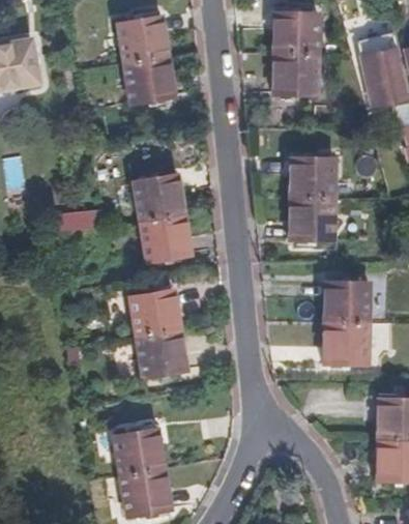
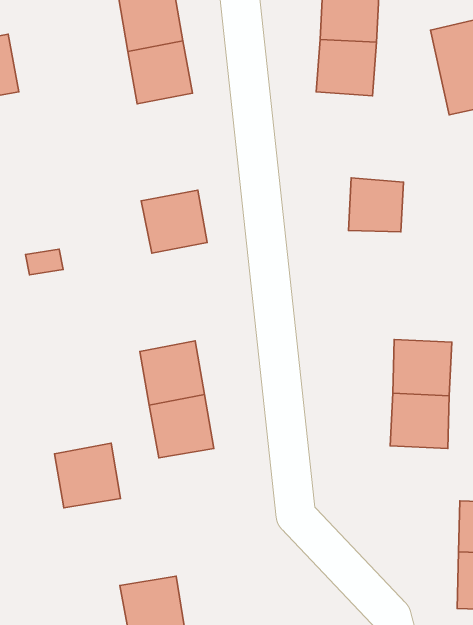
building: [291,198,333,241] -> none
building: [142,207,192,256] -> none
building: [110,421,160,471] -> [55,443,120,508]

